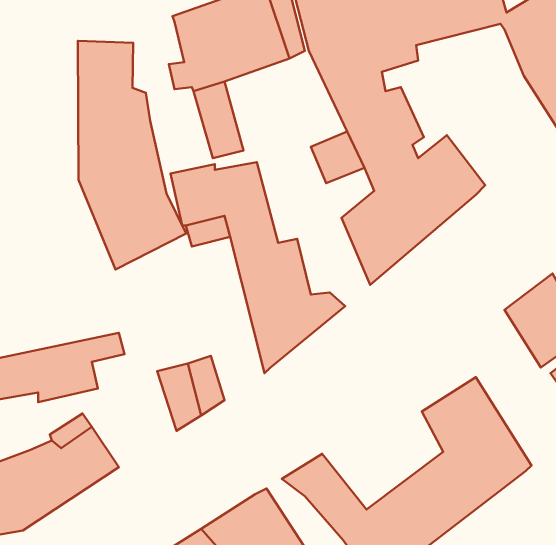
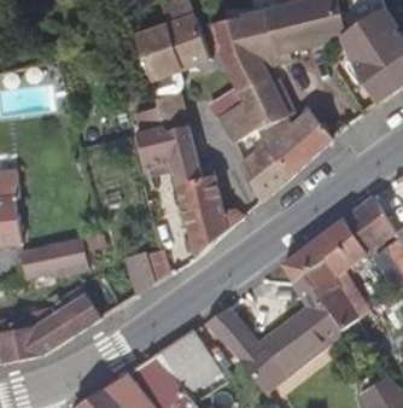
building: [78,41,186,270] -> none
building: none -> [282,218,370,316]

